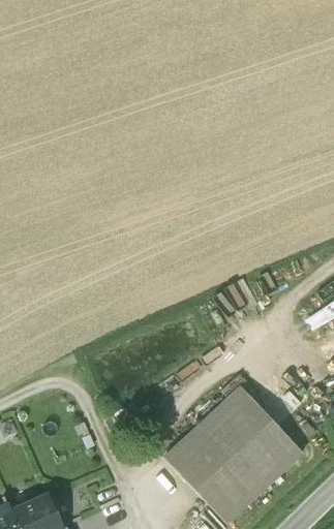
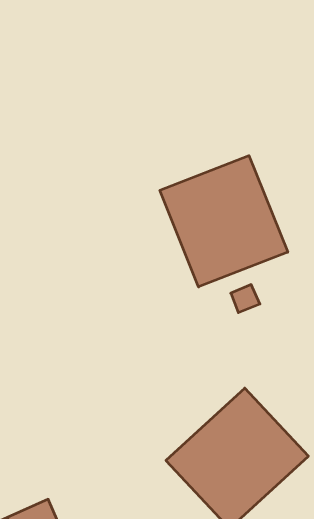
building: none -> [160,156,288,287]

